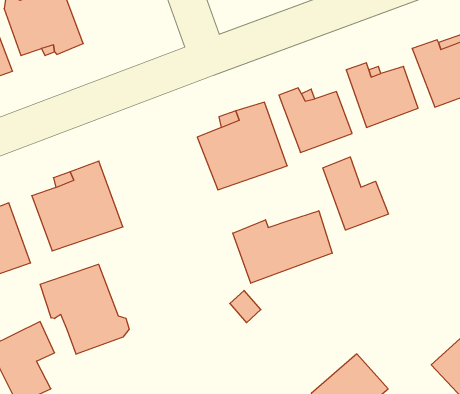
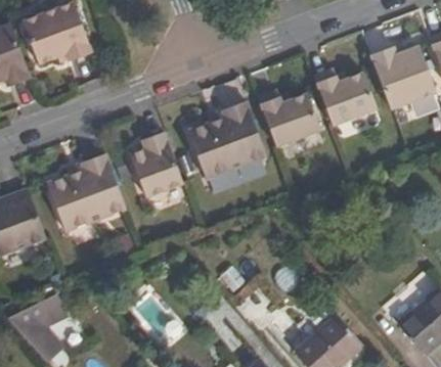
building: none -> [129,133,183,200]
building: [323,157,388,230] -> none
building: [233,211,332,283] -> none
building: [40,264,129,354] -> none

